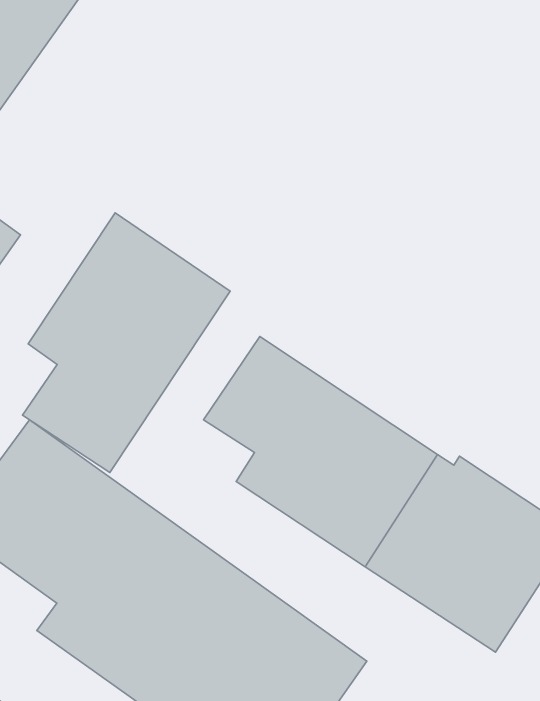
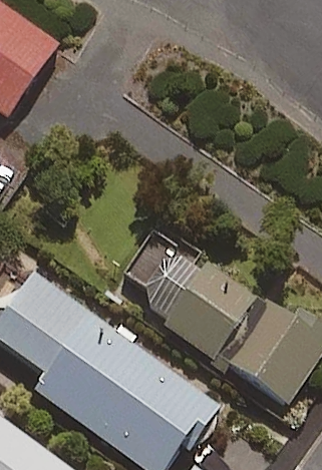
building: [22,213,230,472] -> none

